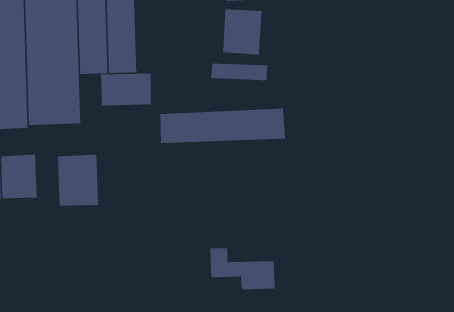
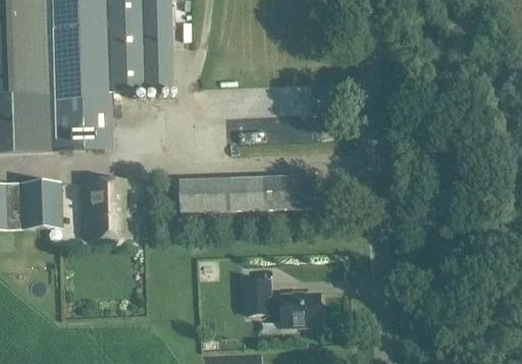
building: [223,9,262,55] -> none
building: [100,73,151,107] -> none
building: [159,108,286,143] -> [180,173,319,212]

